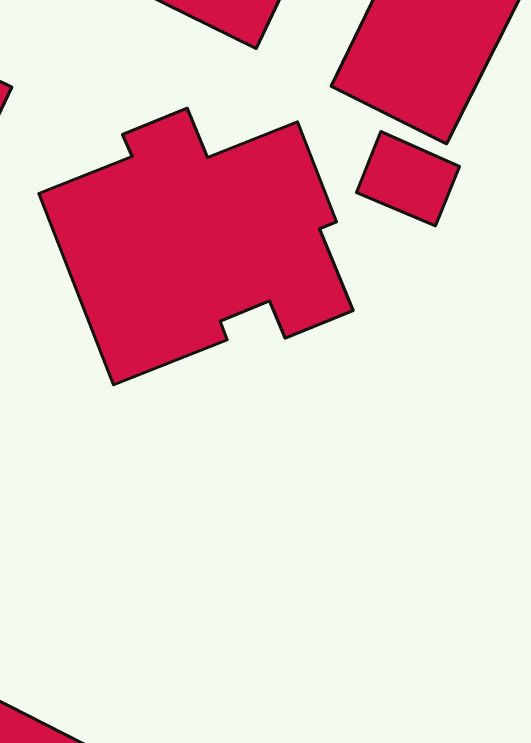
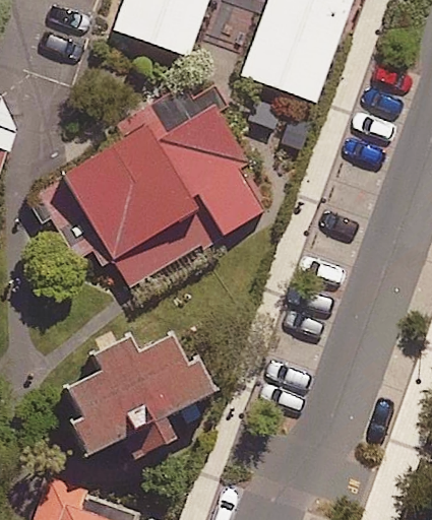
building: none -> [69,328,226,456]

